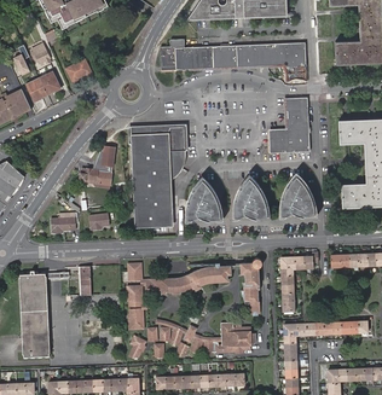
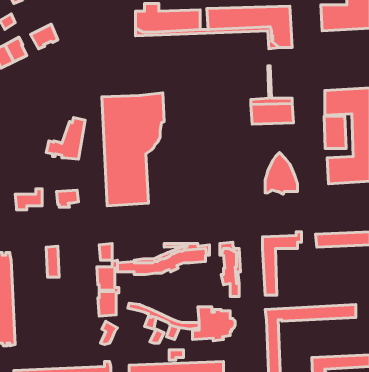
building: [288,98,308,128] -> [324,116,346,149]
building: [236,182,266,219] -> none
building: [186,185,219,221] -> none

